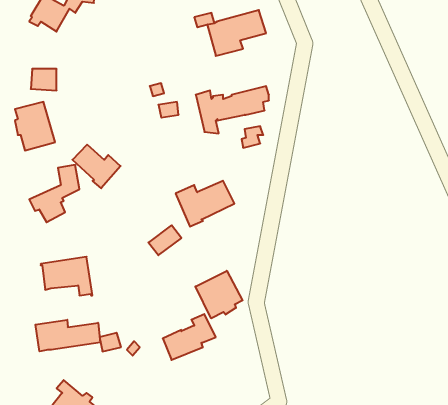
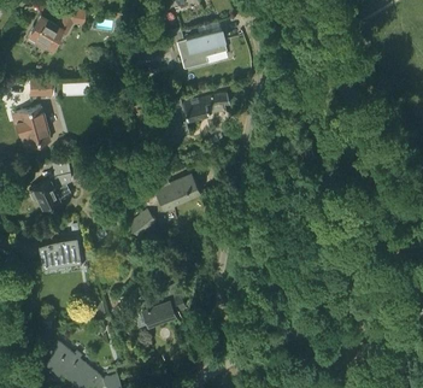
building: [72,145,121,188] -> none
building: [195,271,243,318] -> none
building: [35,320,100,351] -> none

